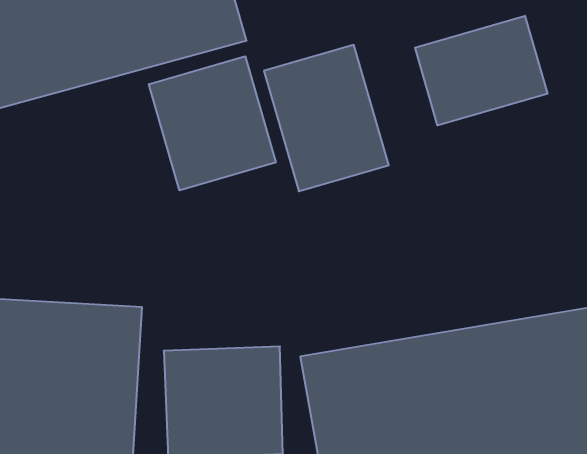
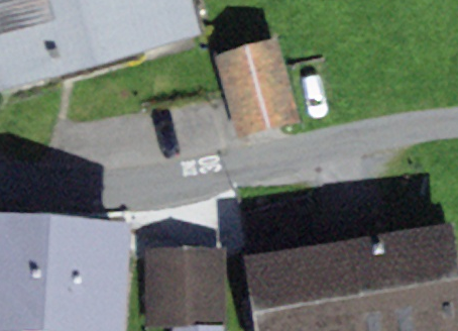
building: [415,16,547,125] -> none
building: [149,56,276,190] -> none

